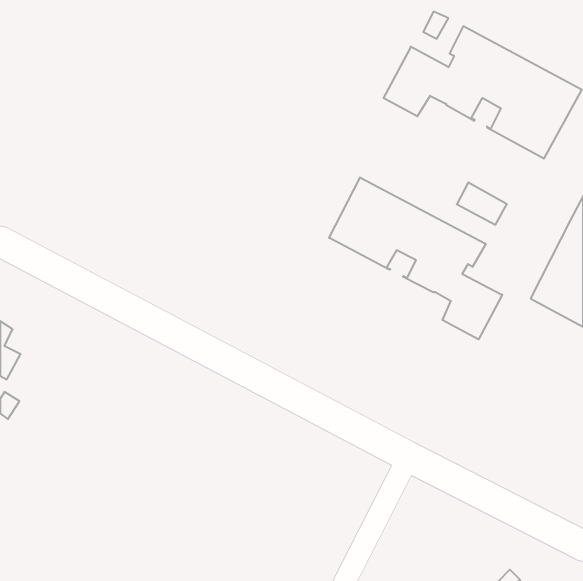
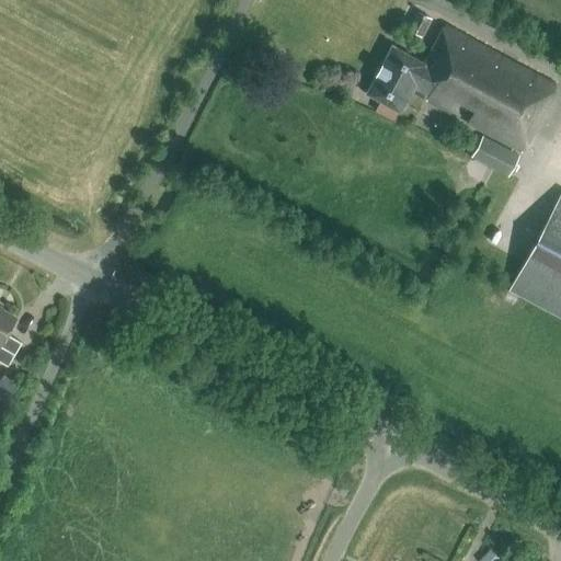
building: [329,177,502,339] -> none
building: [457,183,507,225] -> [472,136,520,176]

